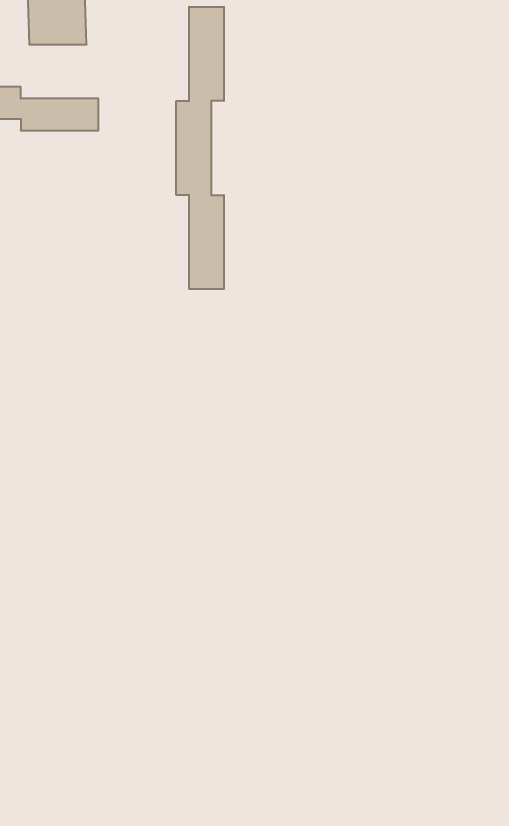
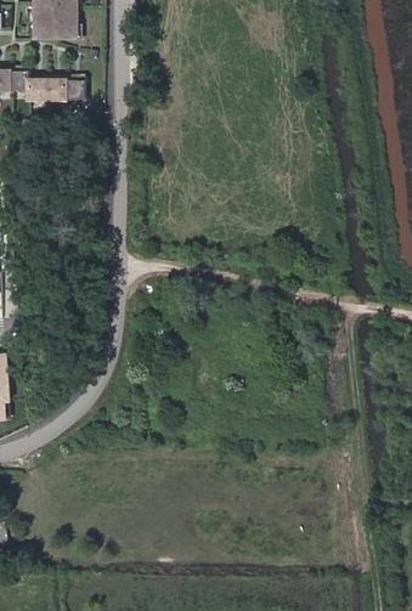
building: [176,7,224,289] -> none

